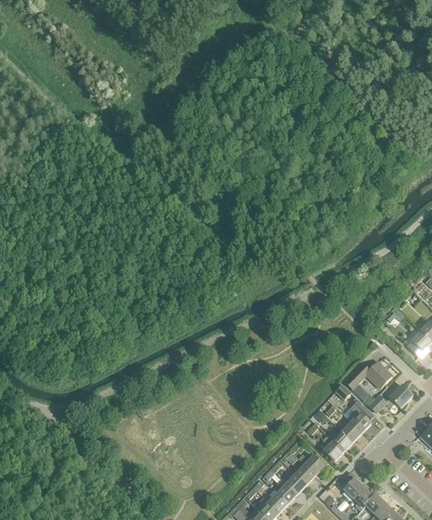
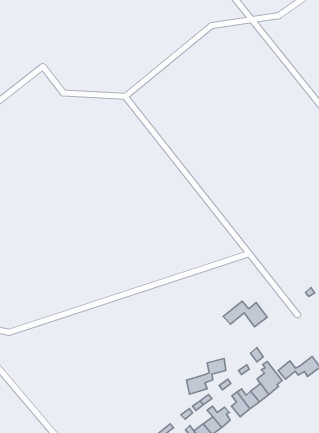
building: [344,362,391,389] -> [223,301,267,327]
building: none -> [187,359,226,394]

